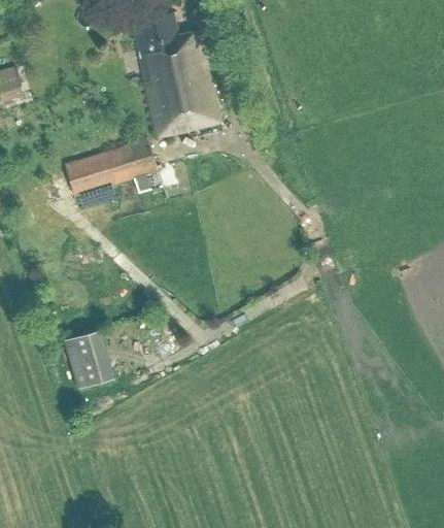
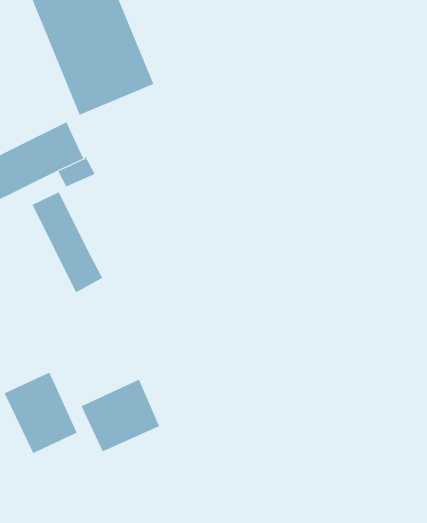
building: none -> [32,191,103,293]
building: none -> [81,379,160,452]

